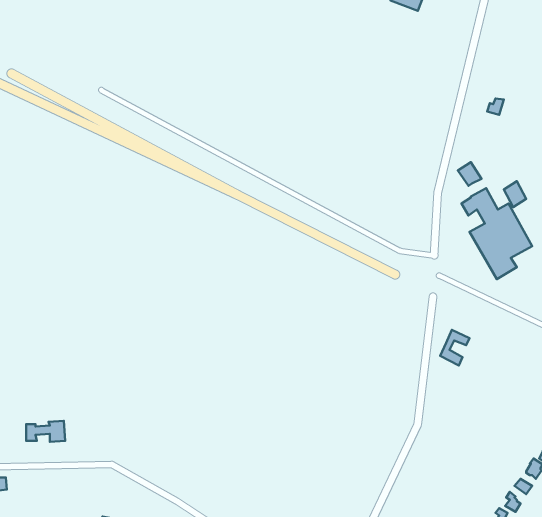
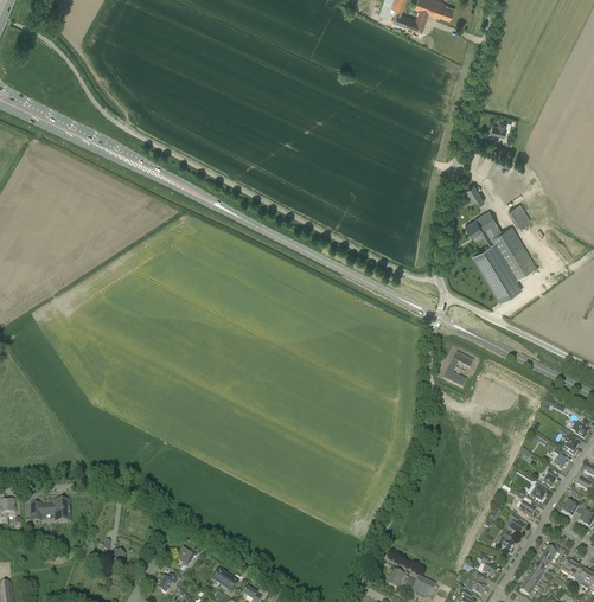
building: [26,421,65,442] -> [31,500,70,521]

